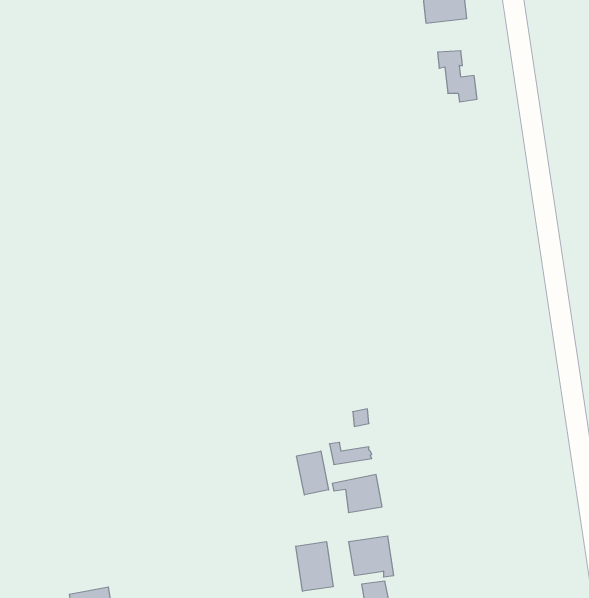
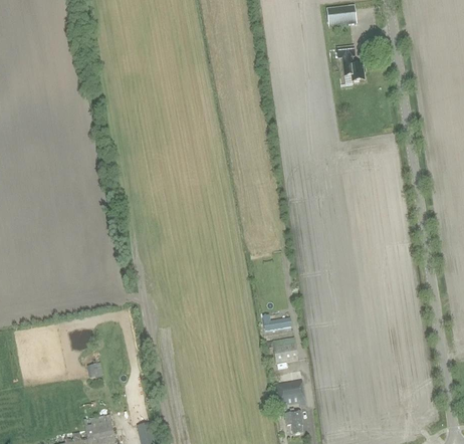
building: [297,451,329,495] -> none
building: [296,542,333,591] -> none

